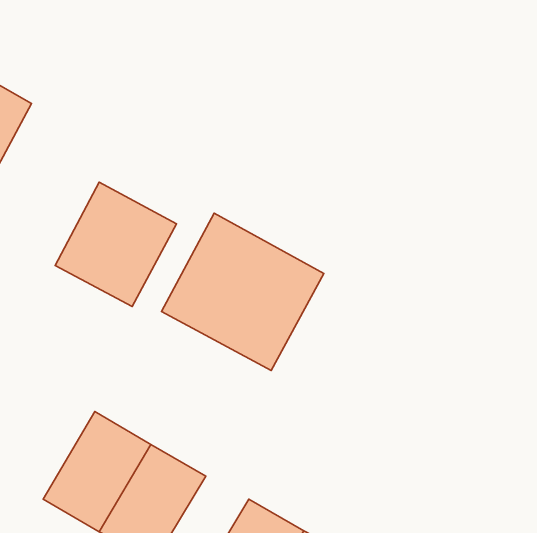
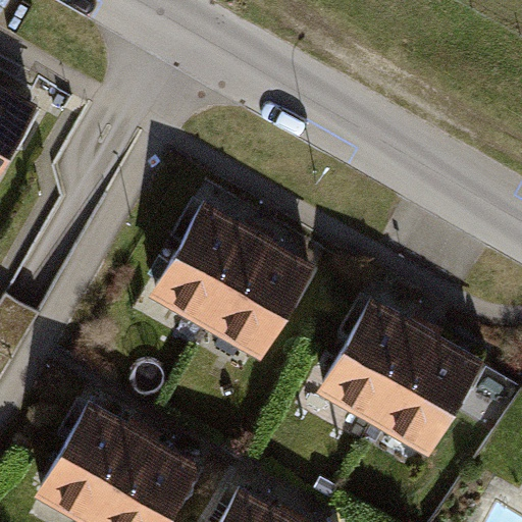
building: [55,182,177,307] -> none
building: none -> [317,299,474,450]

